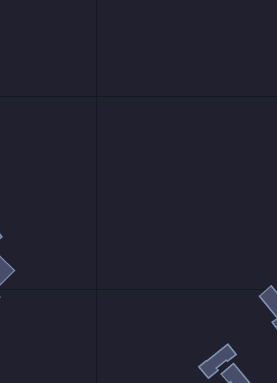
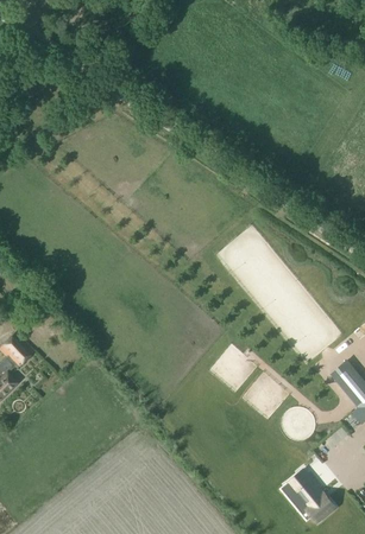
building: [199,344,236,378] -> none

